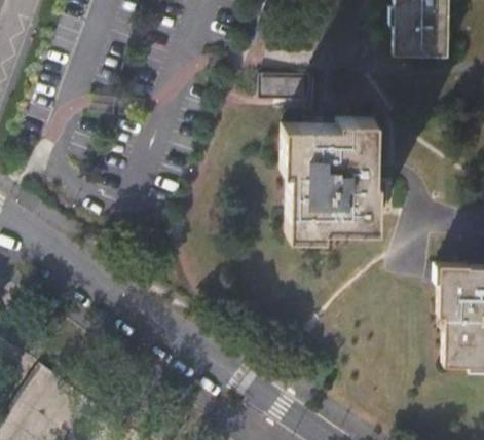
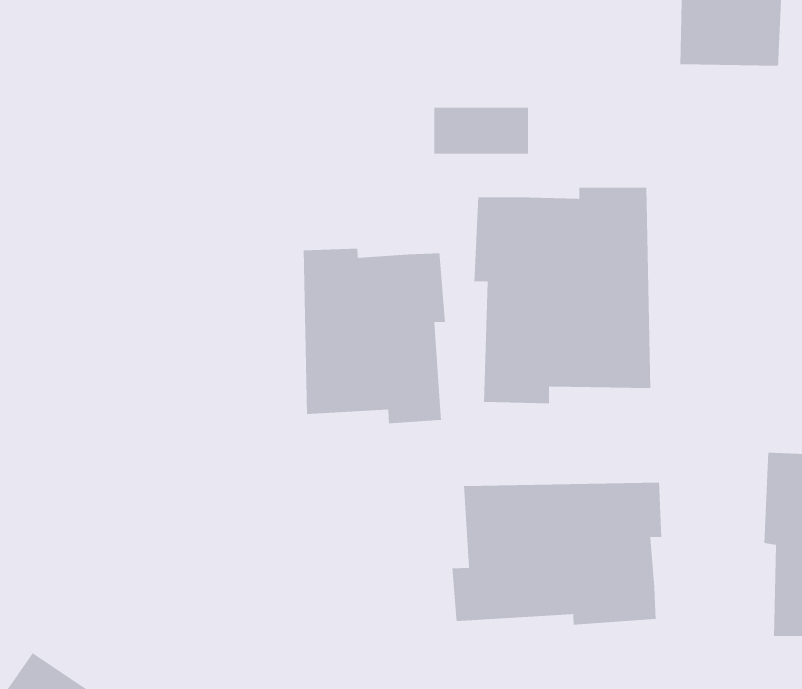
building: none -> [303,248,446,424]
building: none -> [452,482,662,626]

